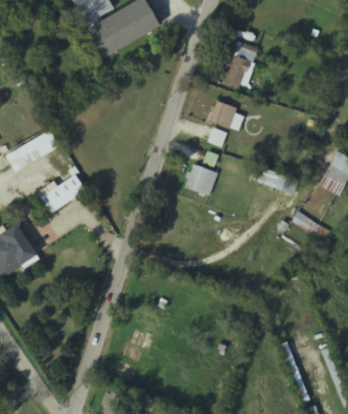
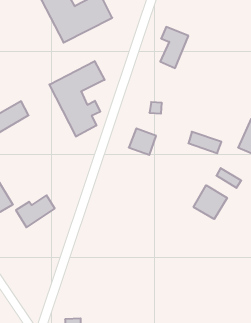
building: none -> [49,61,105,137]
building: [209,100,236,126] -> none
building: [38,173,86,213] -> [16,195,55,227]
building: none -> [194,185,227,219]

